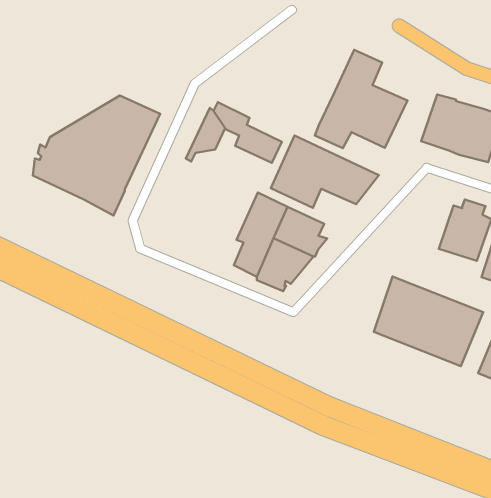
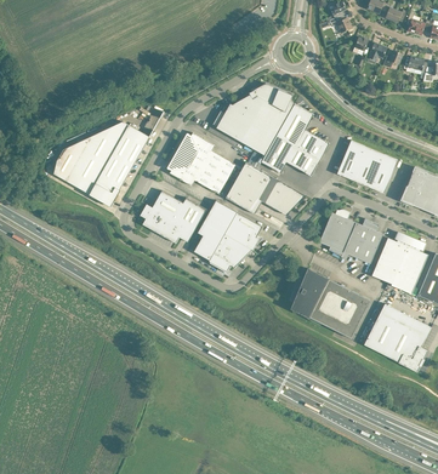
building: none -> [215,84,294,155]
building: none -> [169,152,227,194]
building: none -> [140,190,205,244]
building: none -> [318,209,355,252]

